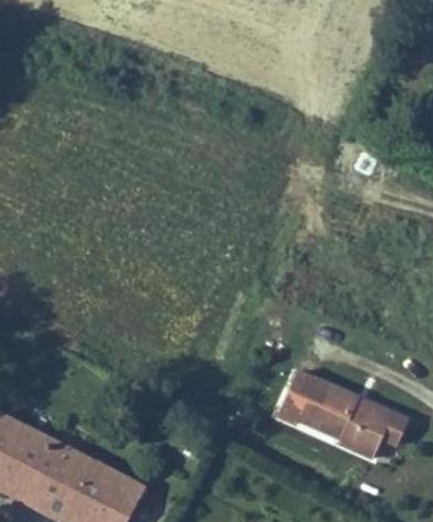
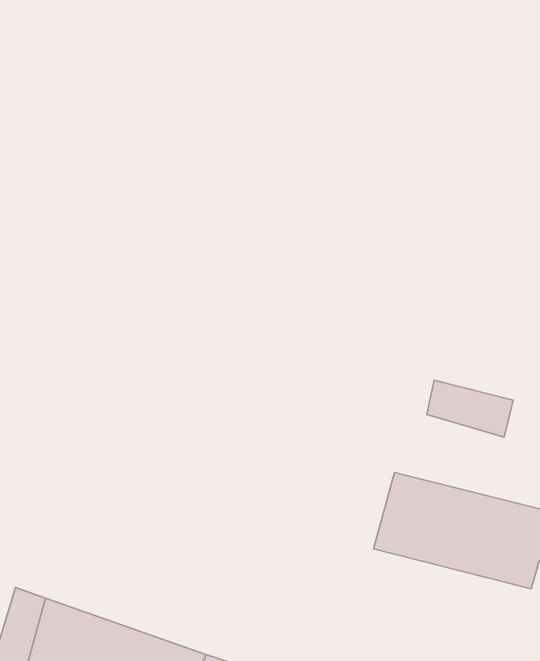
building: none -> [427,380,513,437]

